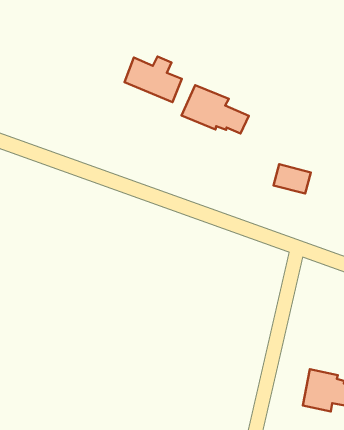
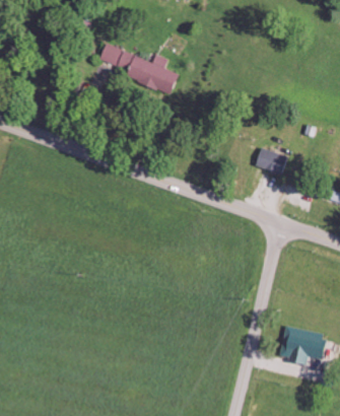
building: none -> [97,43,129,70]
building: [182,85,249,133] -> none

